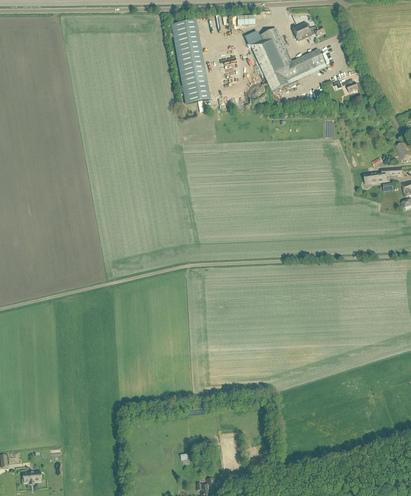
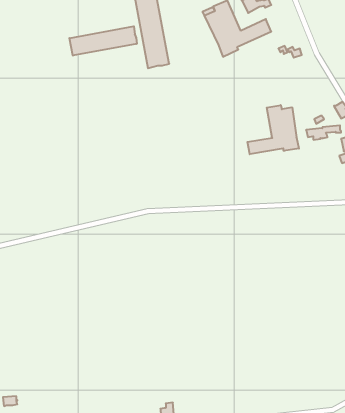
building: none -> [69,26,137,56]
building: none -> [247,105,299,154]

